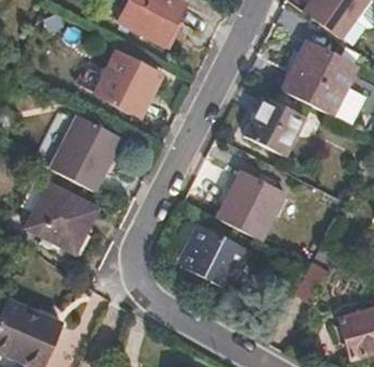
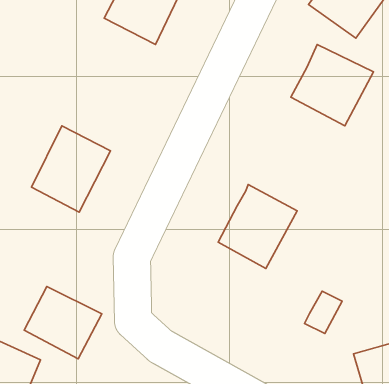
building: [94,52,159,117] -> none
building: [241,97,302,156] -> none
building: [31,185,99,249] -> [24,286,102,359]
building: [186,228,252,291] -> none

